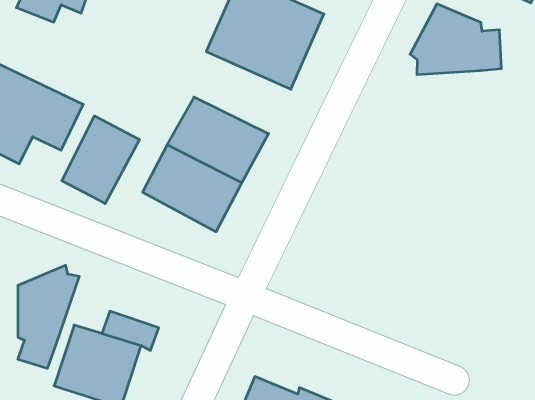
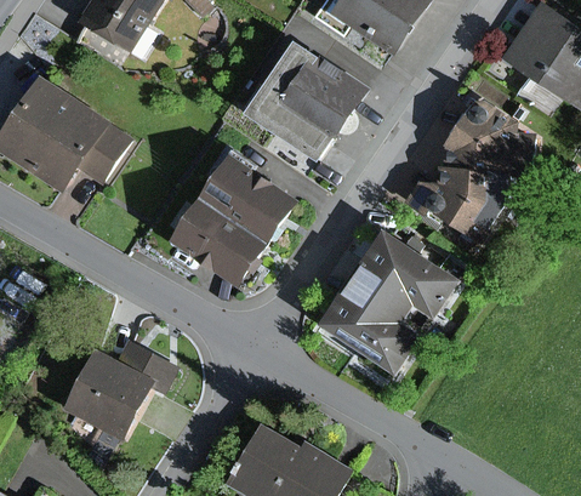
building: none -> [414,160,517,240]
building: [62,116,139,204] -> none
building: none -> [318,236,445,369]
building: [18,265,79,368] -> none

